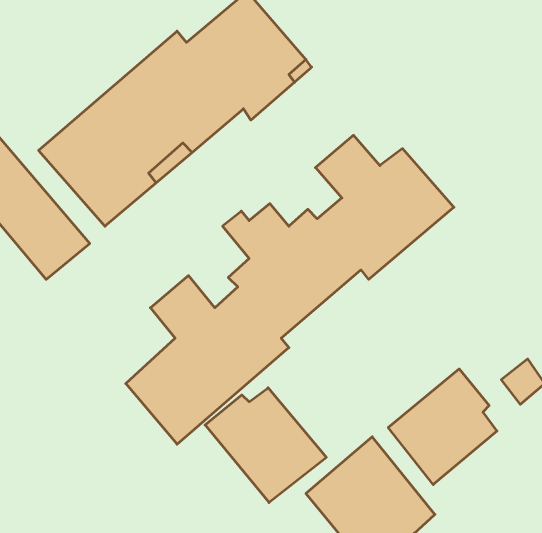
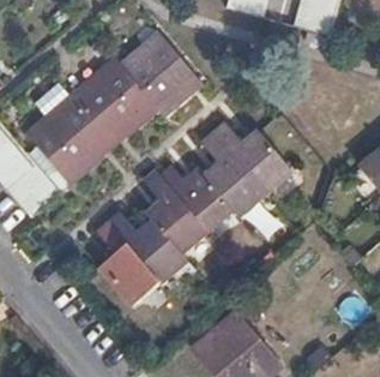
building: [388,369,497,485] -> none
building: [205,388,326,503] -> none

